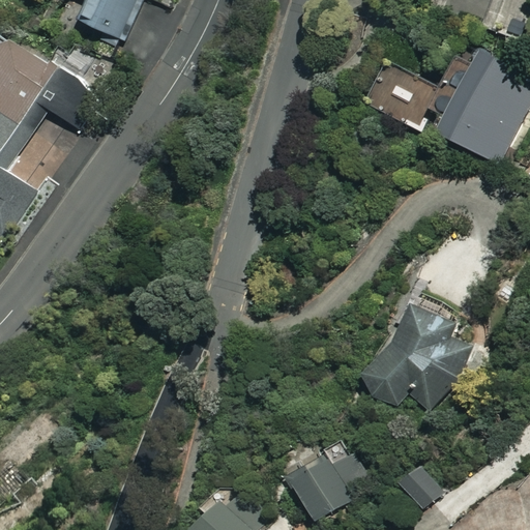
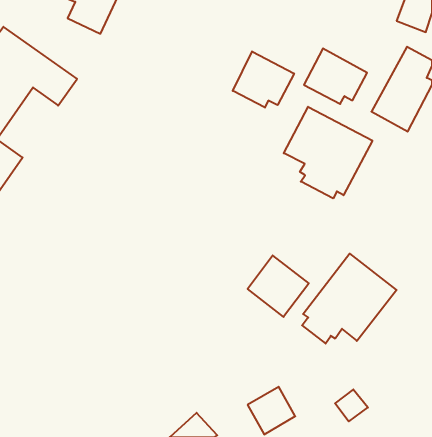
building: none -> [233,51,294,108]
building: none -> [284,107,372,198]
building: none -> [248,255,309,317]

